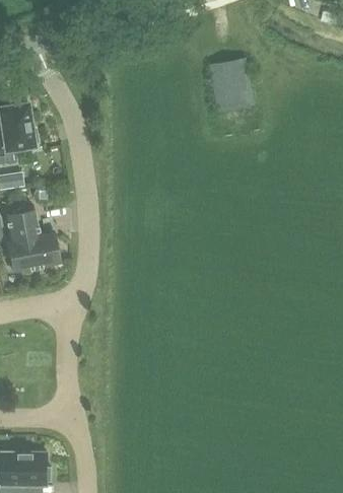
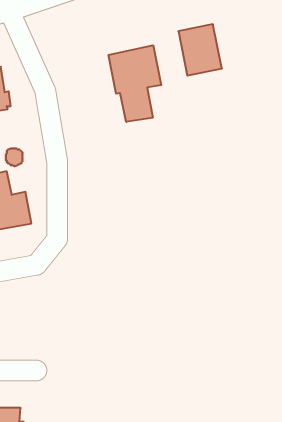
building: none -> [109,45,161,122]

